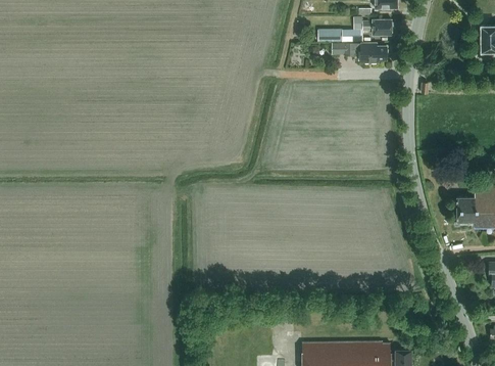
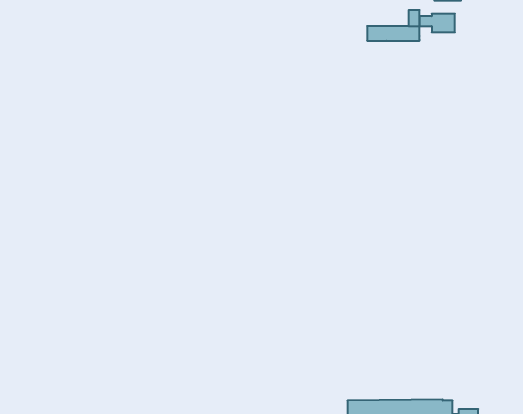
building: [332,43,387,62] -> none

